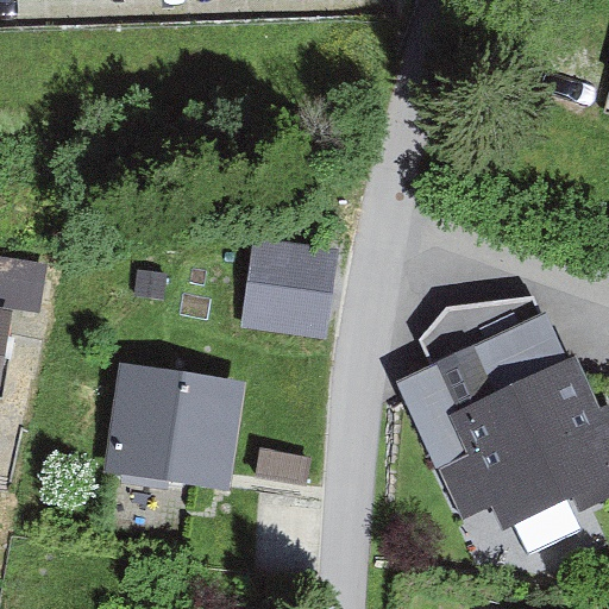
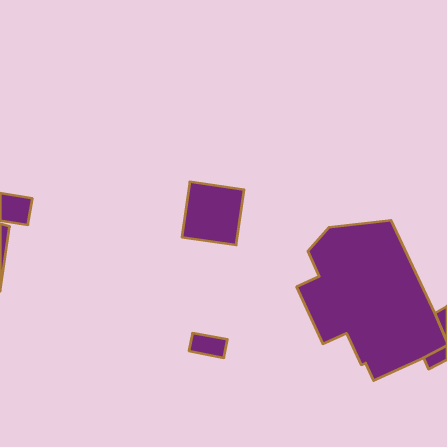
building: [118,387,231,484] -> none

